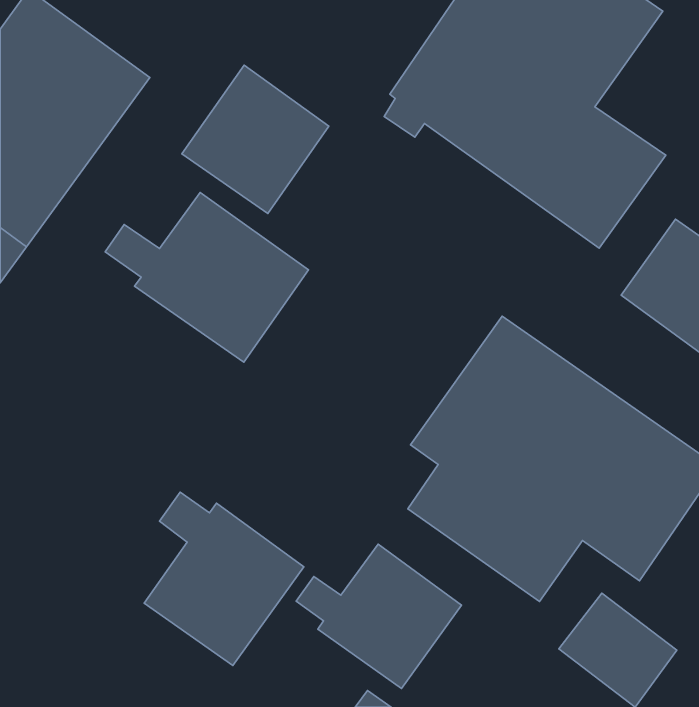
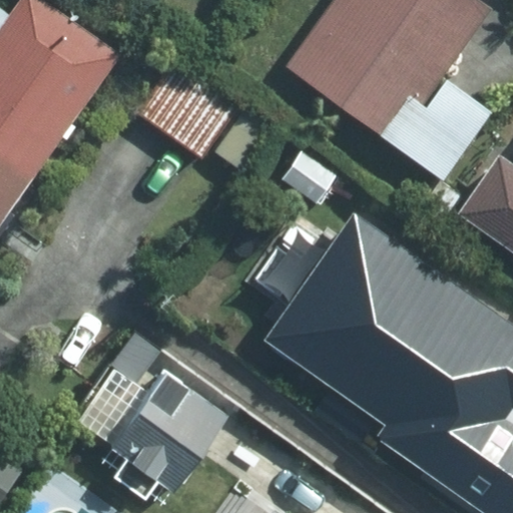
building: [105,192,309,362] -> none
building: [296,544,461,688] -> none

